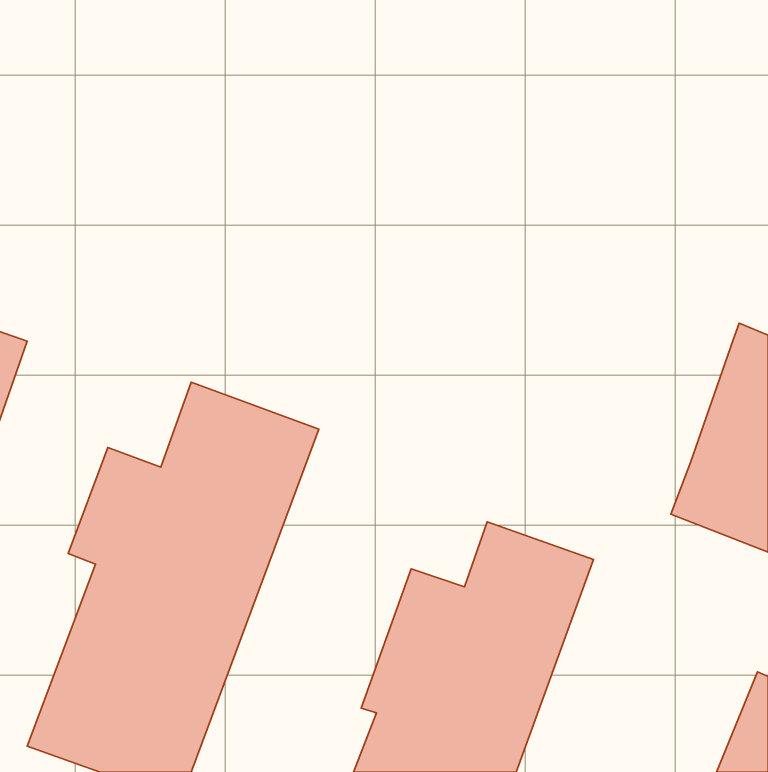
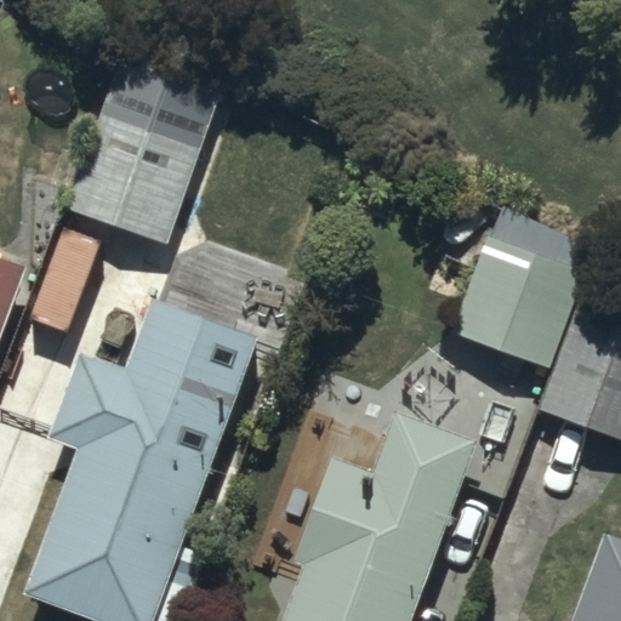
building: none -> [68,36,228,244]
building: none -> [450,247,586,370]

